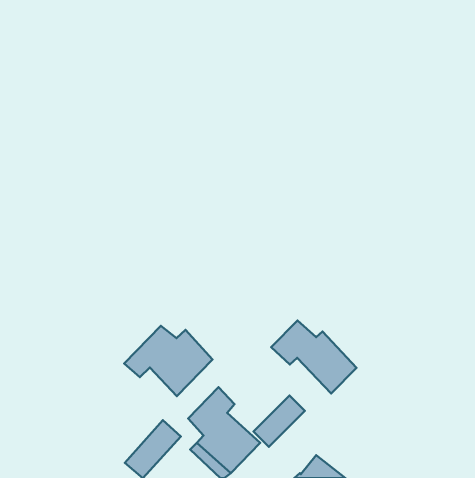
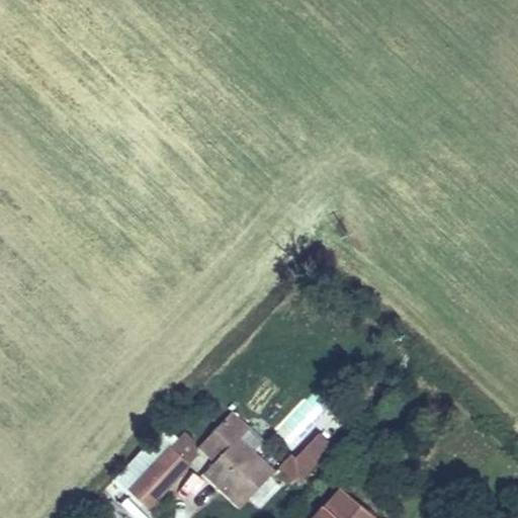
building: [271,321,357,393] -> none
building: [124,326,212,396] -> none

